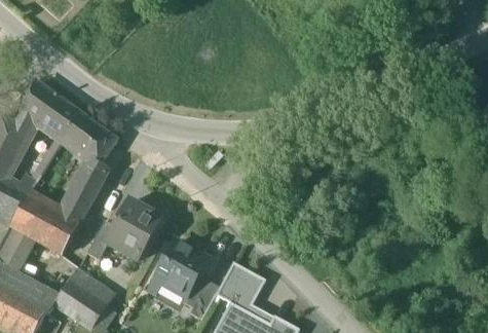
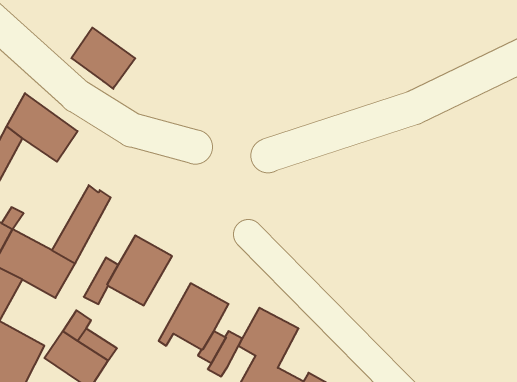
building: [64,113,117,164] -> [71,28,135,89]

